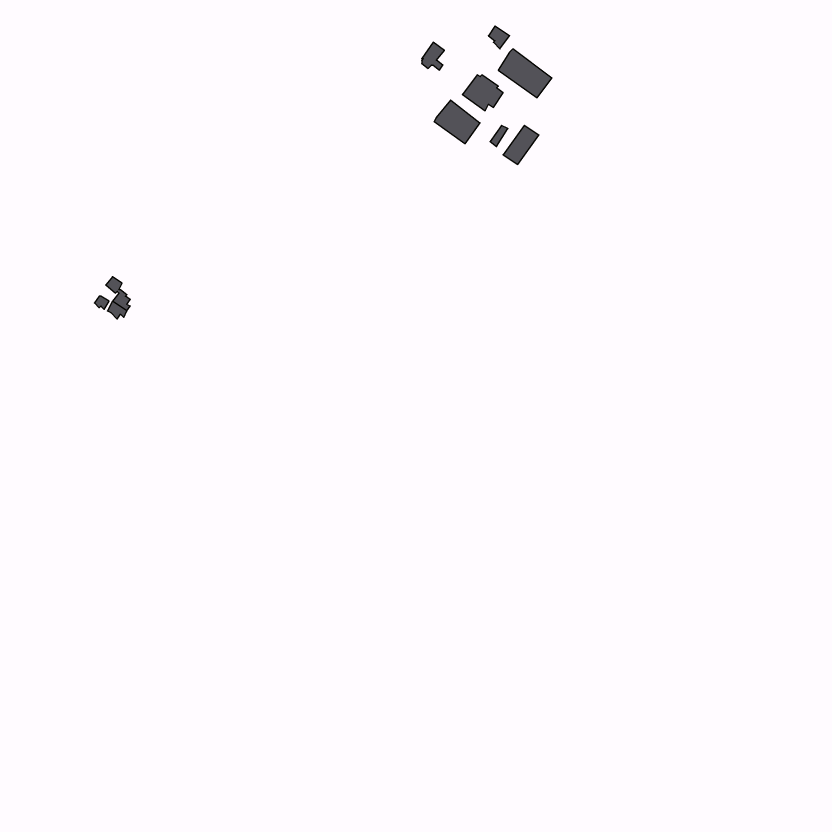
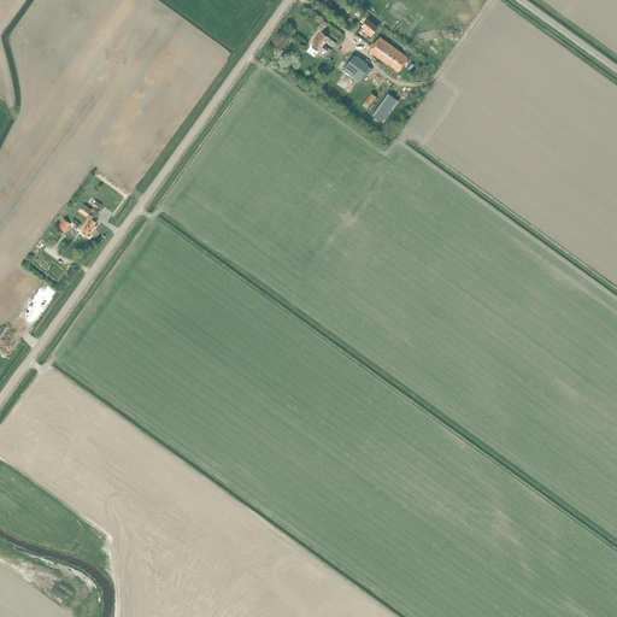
building: [434,100,480,144] -> none

